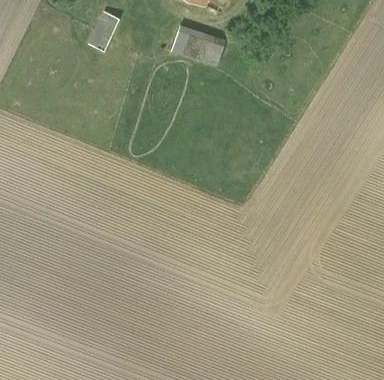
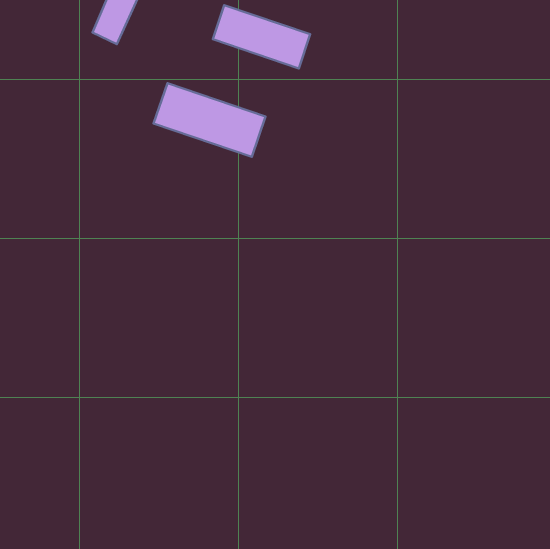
building: none -> [154,83,266,157]

